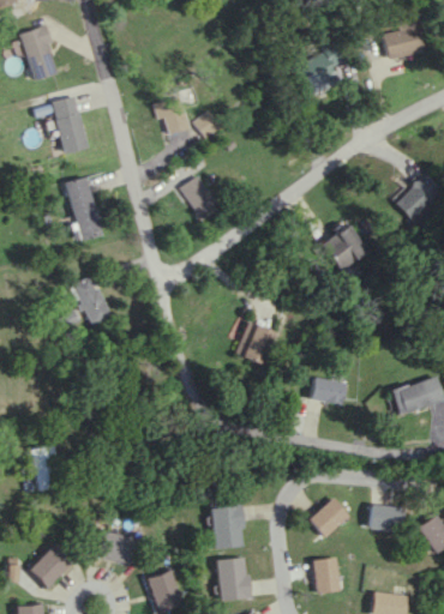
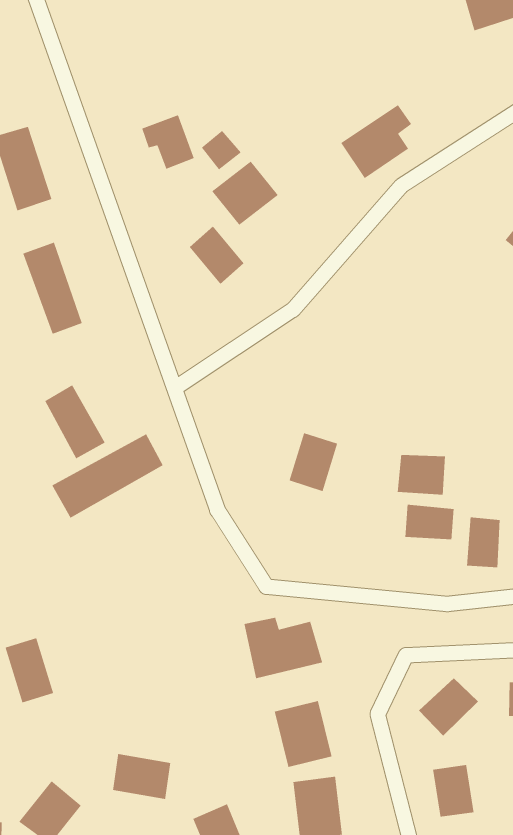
building: [290,44,341,94] -> [340,104,412,179]
building: none -> [211,160,279,226]
building: [320,224,366,271] -> none
building: none -> [51,433,164,519]
building: none -> [397,454,446,496]
building: none -> [466,516,500,568]
building: none -> [243,617,323,679]

